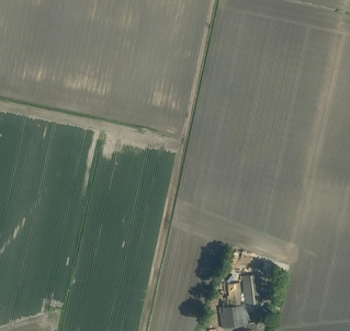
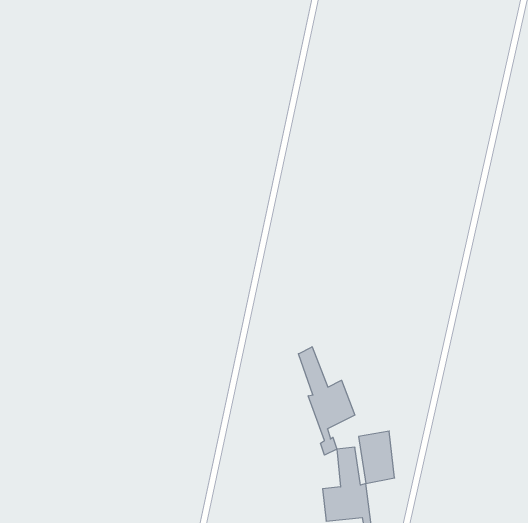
building: none -> [298,347,355,455]

